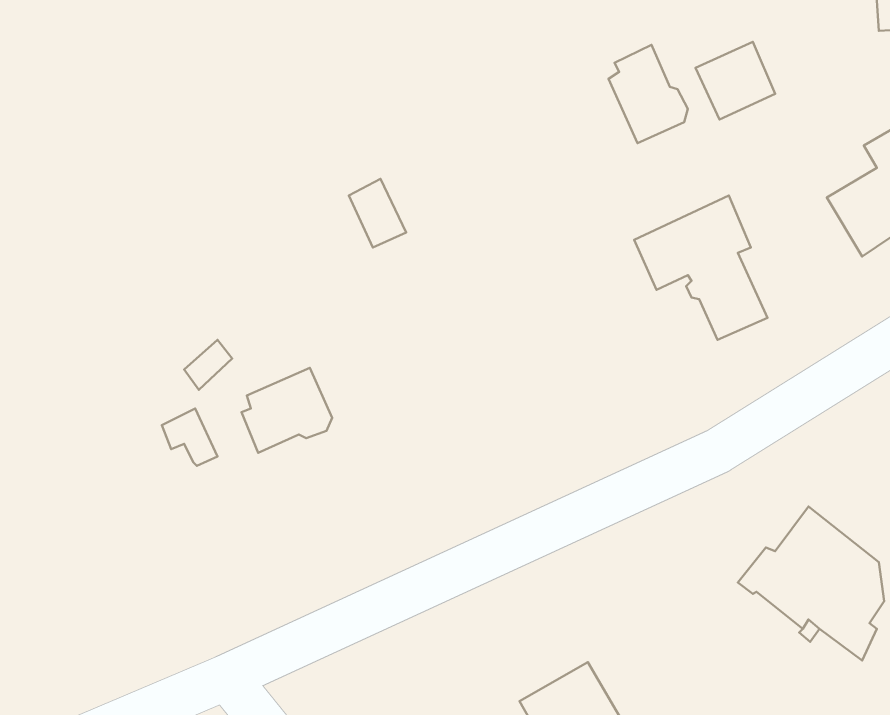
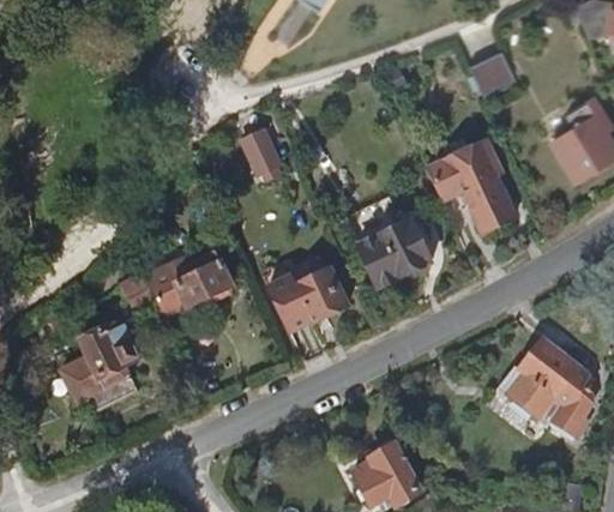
building: [608,45,688,143] -> none
building: none -> [349,200,431,289]
building: none -> [270,269,347,327]
building: none -> [60,324,138,415]

